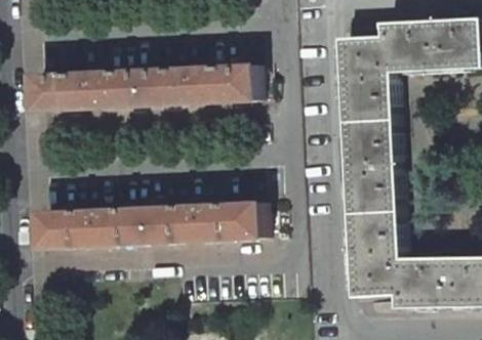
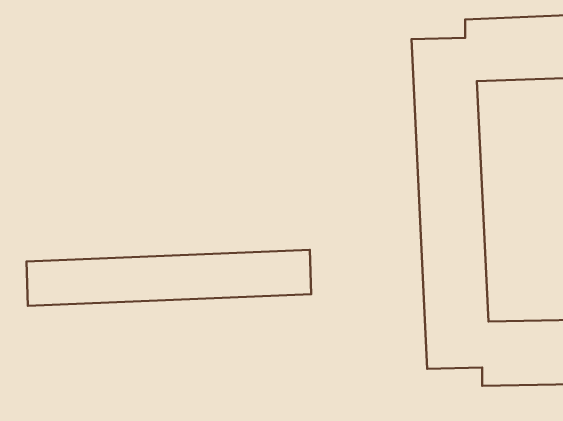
building: [31,65,253,109] -> none

